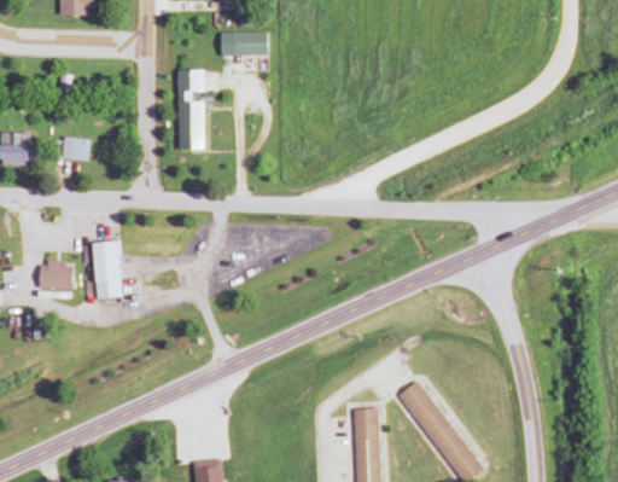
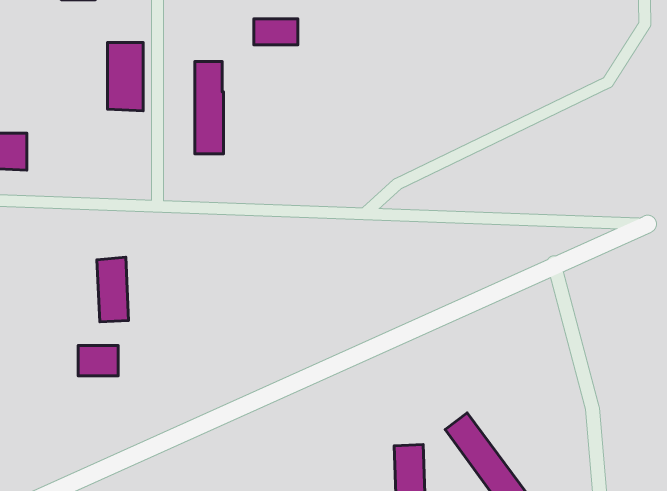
building: none -> [108,43,143,111]
building: [57,137,91,162] -> none
building: [40,262,75,289] -> [78,346,118,376]

